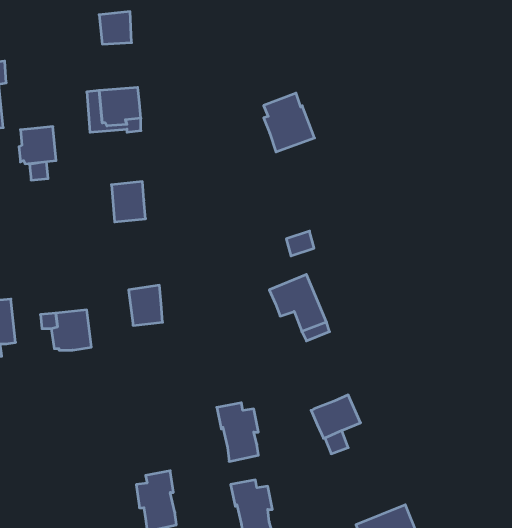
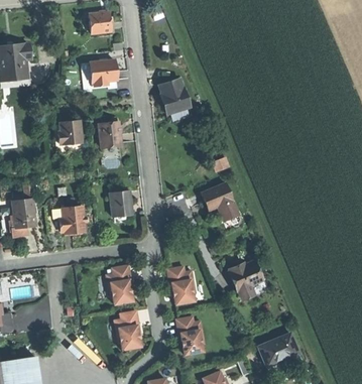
building: [264,93,315,152] -> [160,77,194,115]
building: [19,127,56,164] -> [58,120,83,144]
building: none -> [107,265,133,304]

